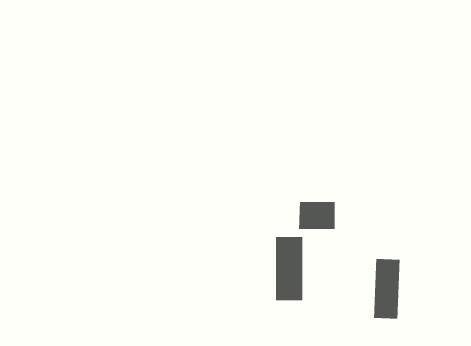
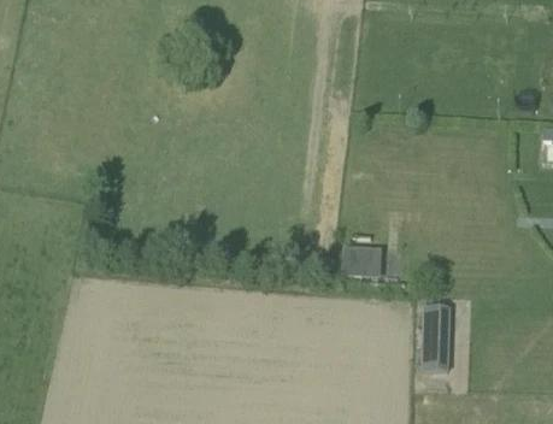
building: [275,236,303,301] -> none

